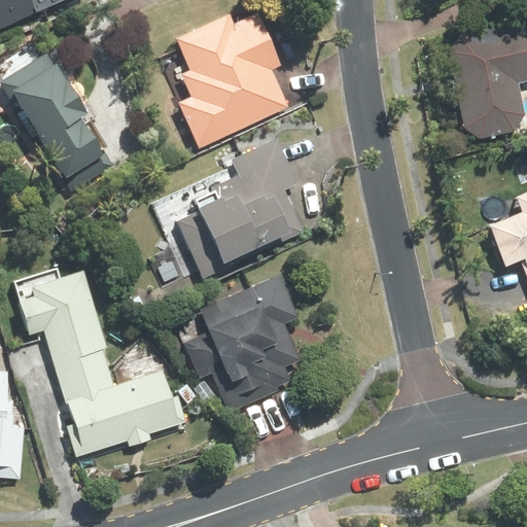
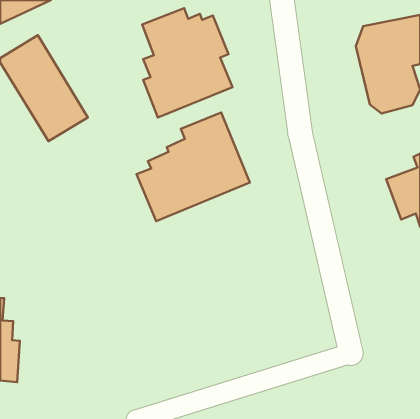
building: [11,254,189,462] -> none
building: [178,277,300,398] -> none

